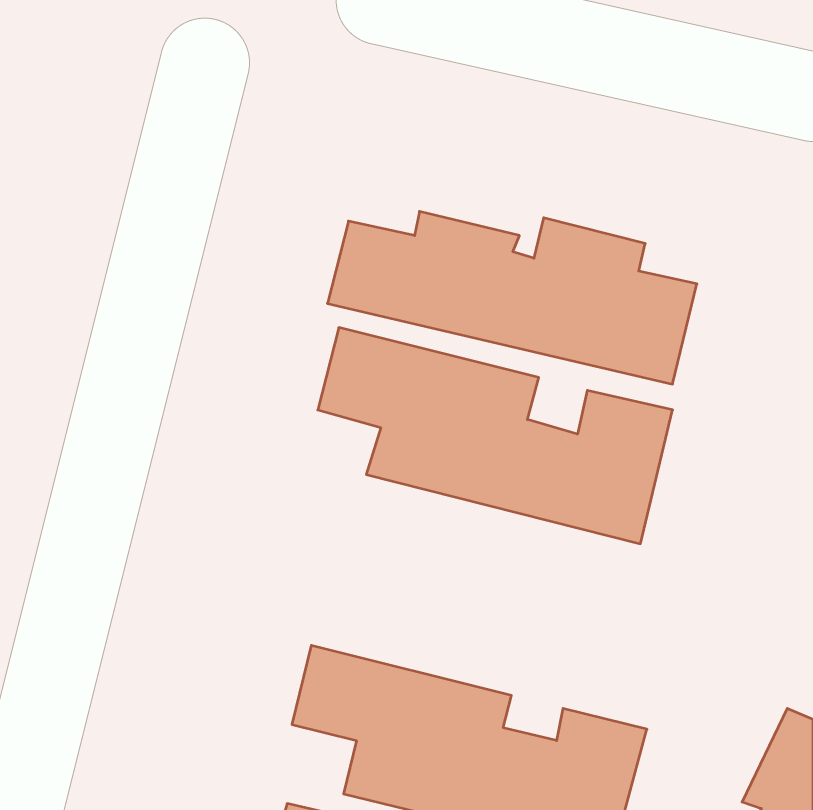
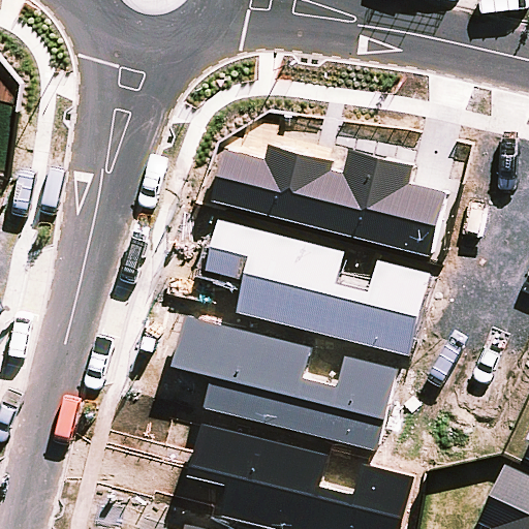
building: none -> [172,314,397,452]

